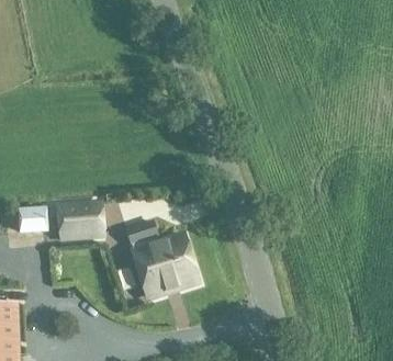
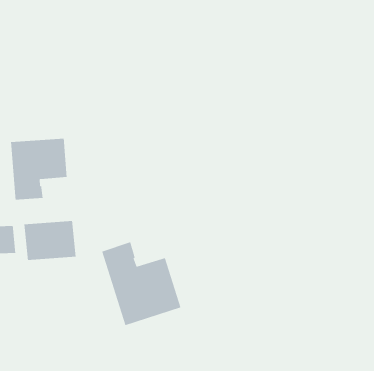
building: none -> [10,138,67,200]

